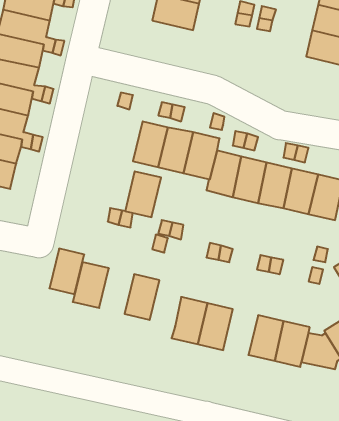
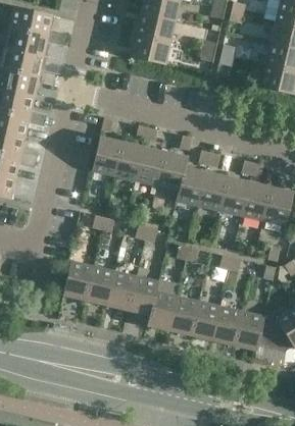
building: [125,171,161,217] -> [93,137,124,175]
building: [49,249,84,294] -> [87,266,116,305]
building: none -> [130,276,160,315]
building: none -> [192,301,222,339]

